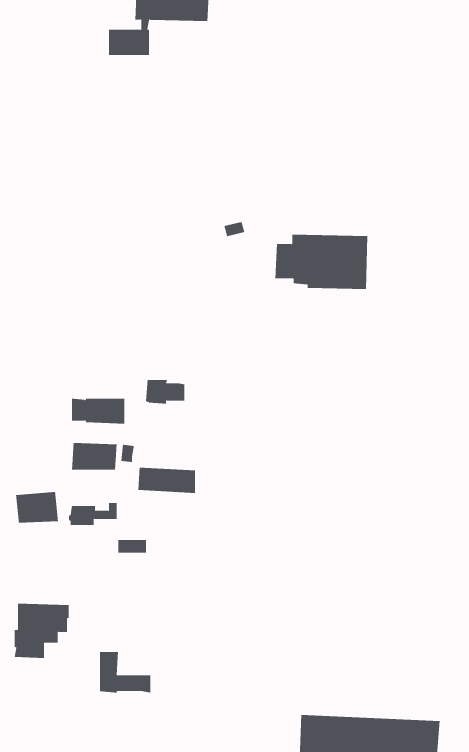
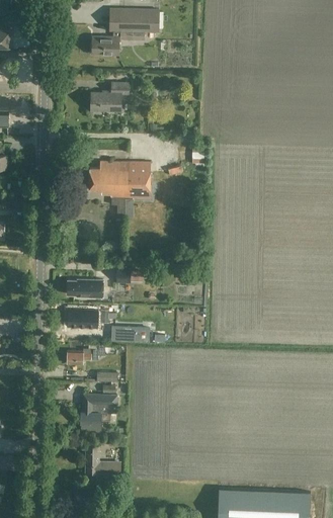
building: none -> [90,82,128,110]
building: [274,234,368,290] -> [88,161,150,197]
building: [16,491,58,524] -> none
building: [14,603,69,659] -> [80,394,116,430]

